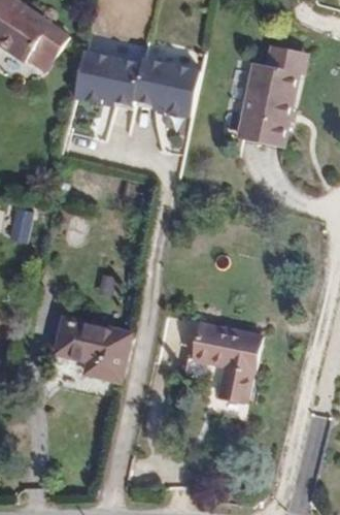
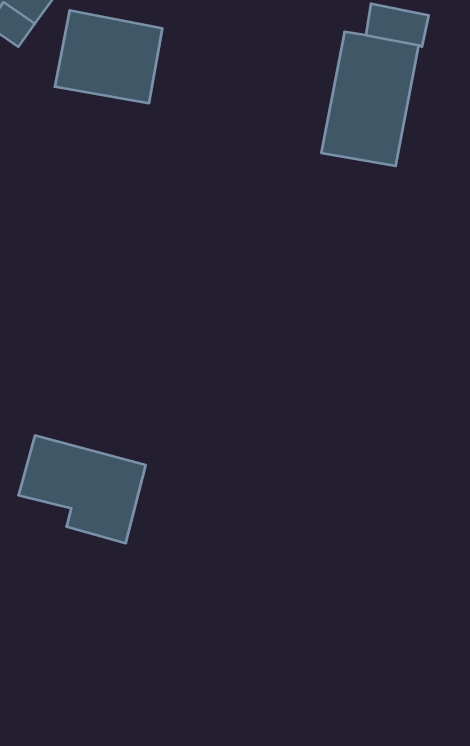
building: [127,57,196,117] -> none
building: [190,320,271,397] -> none

